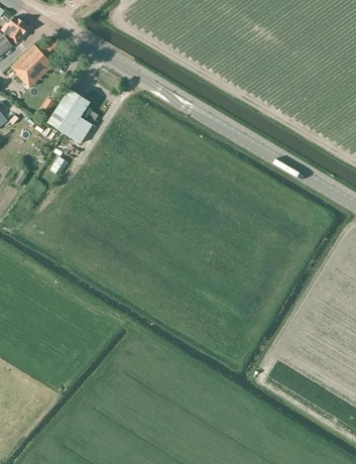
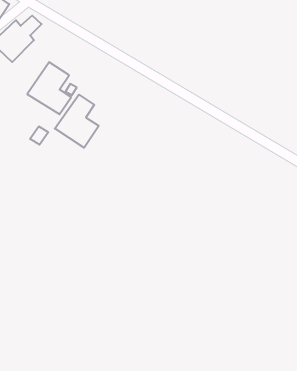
building: none -> [55,95,99,148]

